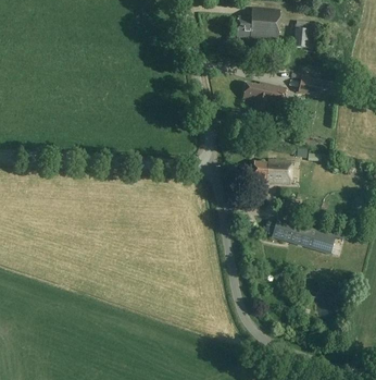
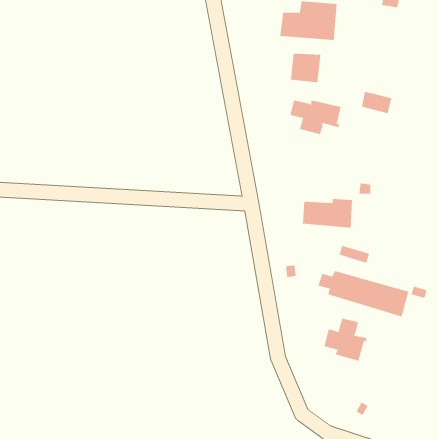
building: [292,24,316,47] -> [290,53,321,83]
building: none -> [324,318,367,362]

